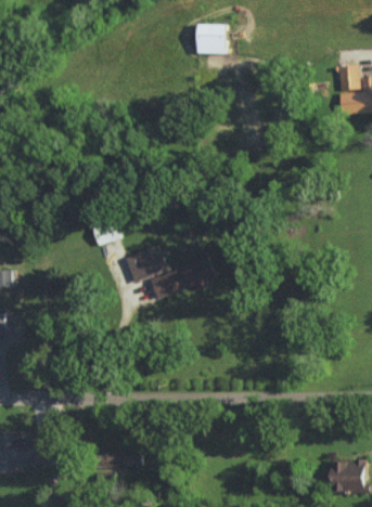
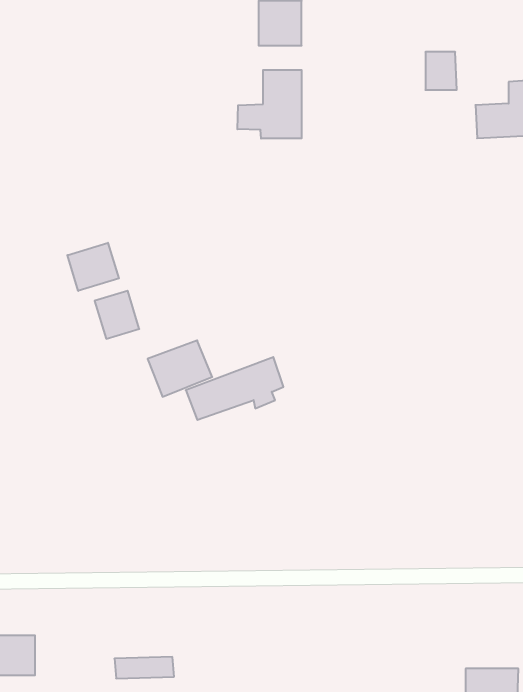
building: [339,65,360,90] -> [425,52,457,90]
building: none -> [237,70,302,139]
building: none -> [67,243,119,291]

